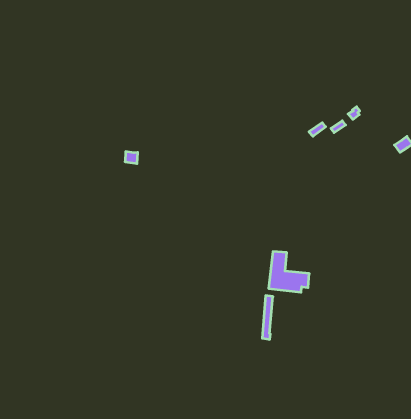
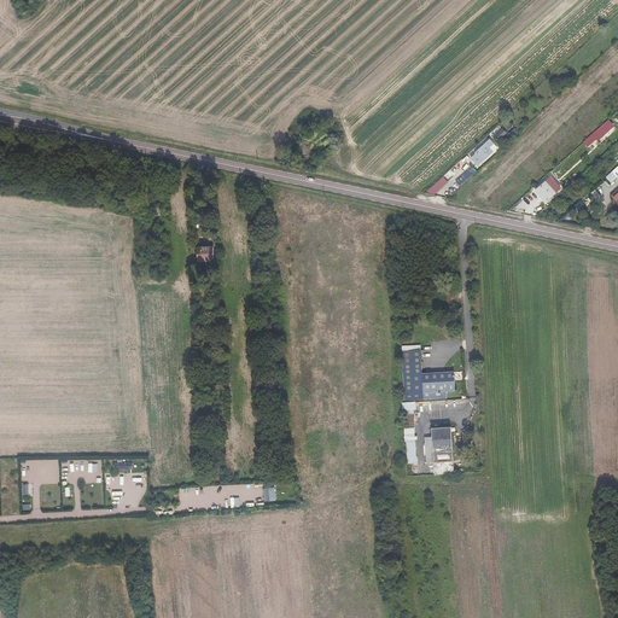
building: none -> [431,425,451,461]

